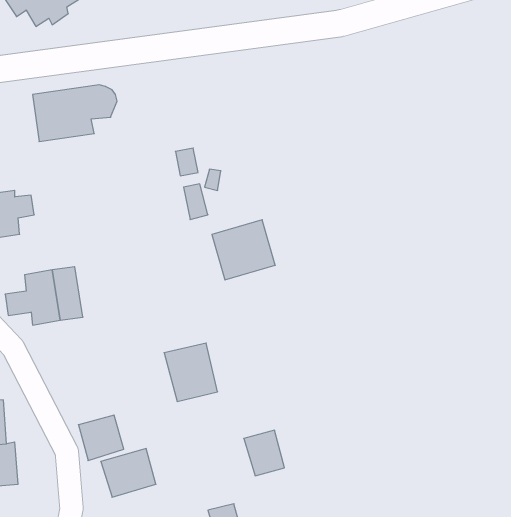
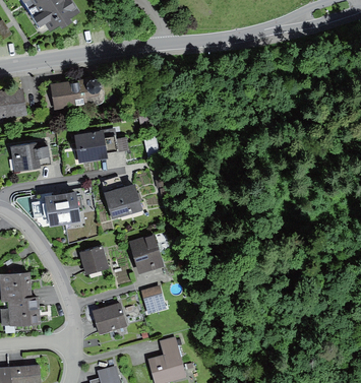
building: none -> [74,129,117,162]
building: [212,220,275,280] -> [103,181,142,218]
building: [78,415,124,461] -> [79,245,108,273]
building: [244,430,284,476] -> [140,285,166,314]

